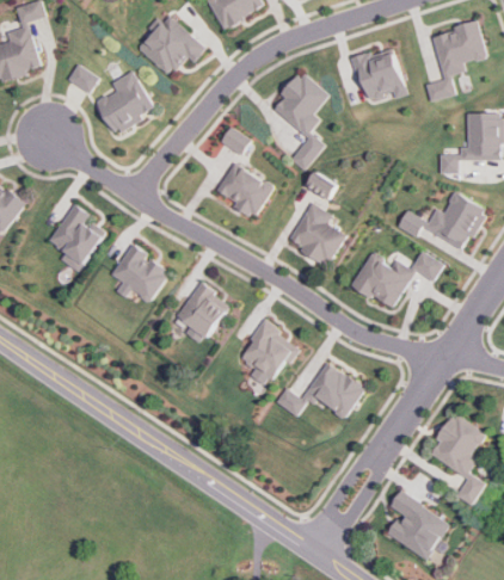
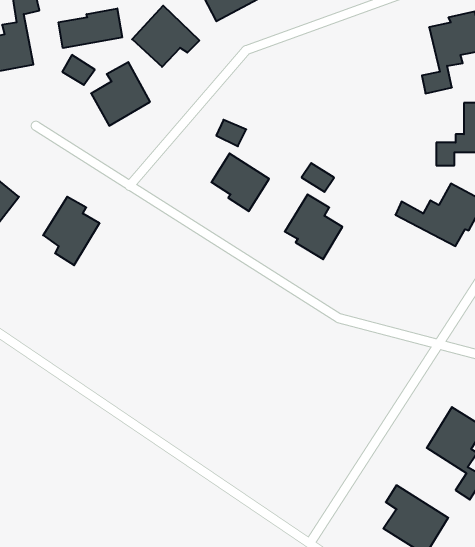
building: none -> [59,8,122,48]
building: [351,45,406,100] -> none
building: [270,72,328,171] -> none
building: [110,245,170,303] -> none
building: [350,249,443,309] -> none
building: [176,283,229,338] -> none
building: [239,321,299,382] -> none
building: [275,362,365,418] -> none

